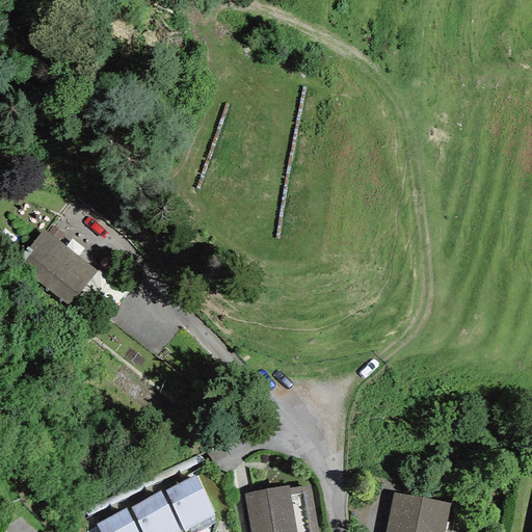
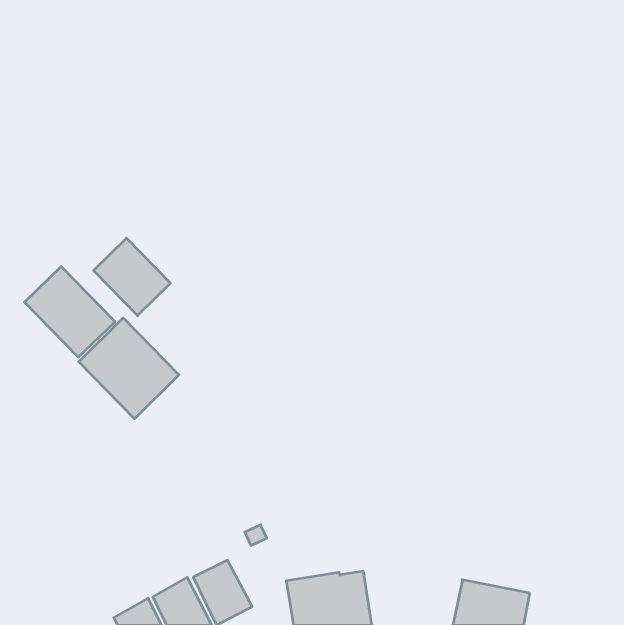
building: none -> [94,238,170,316]
building: none -> [79,318,179,419]

